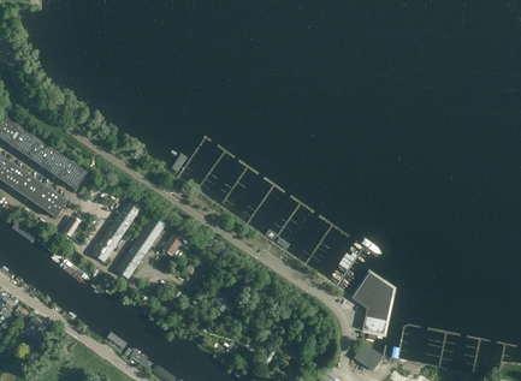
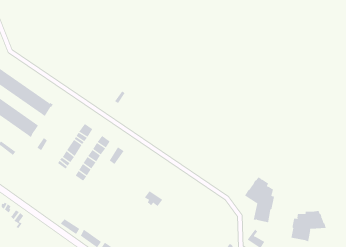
building: none -> [291,210,326,242]

